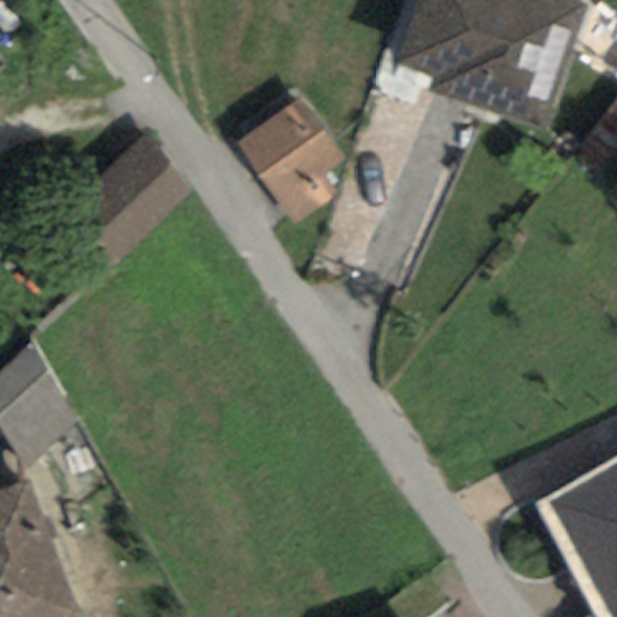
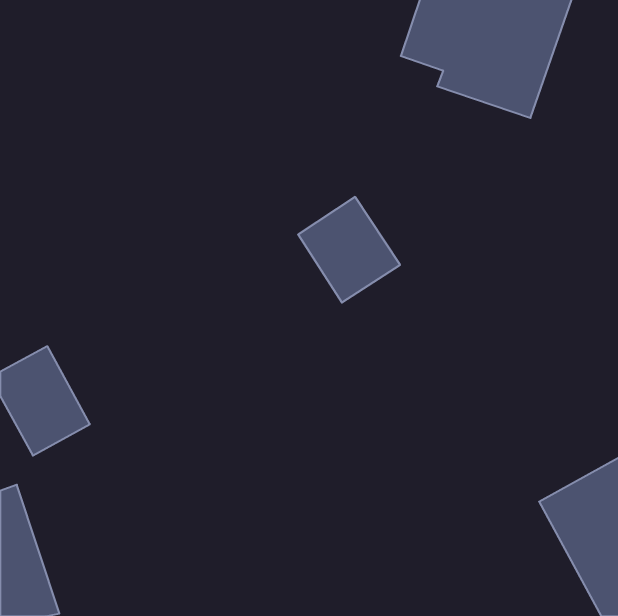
building: [240,106,341,211] -> [298,197,400,303]
building: [65,146,178,258] -> none

